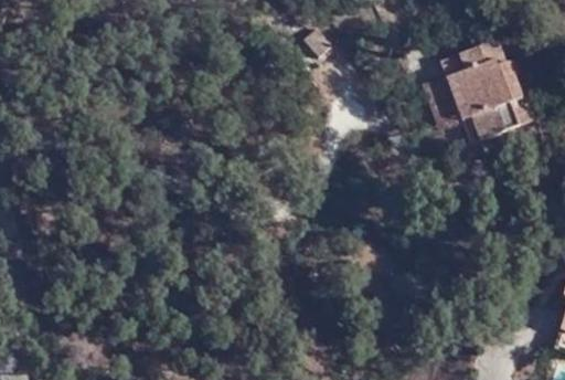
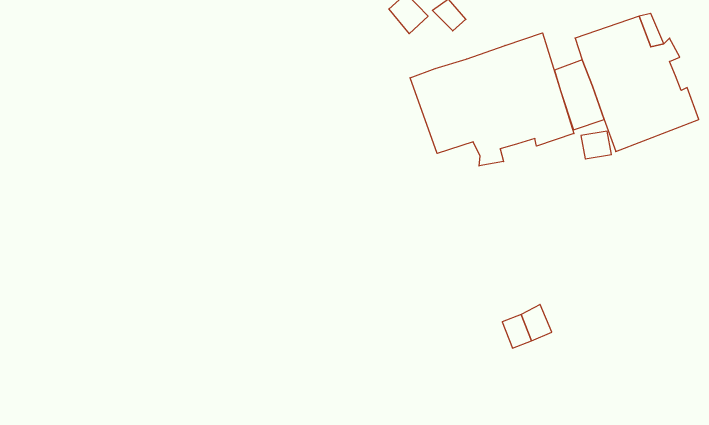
building: none -> [410,33,574,166]

